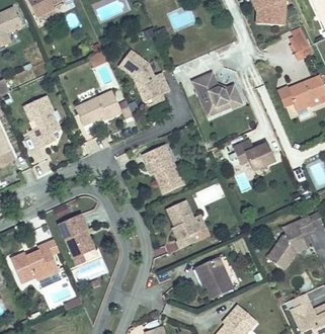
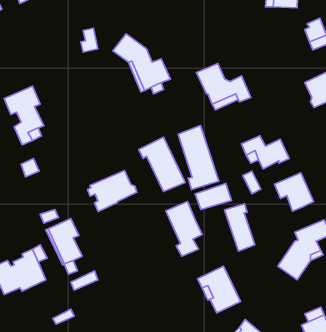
building: [78,89,123,122] -> none
building: none -> [178,126,219,189]
building: none -> [88,170,137,212]
building: none -> [275,173,314,211]
building: none -> [225,204,255,251]

